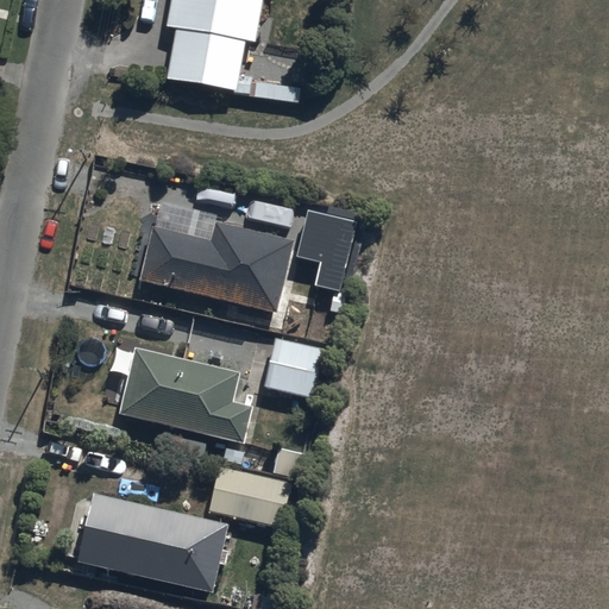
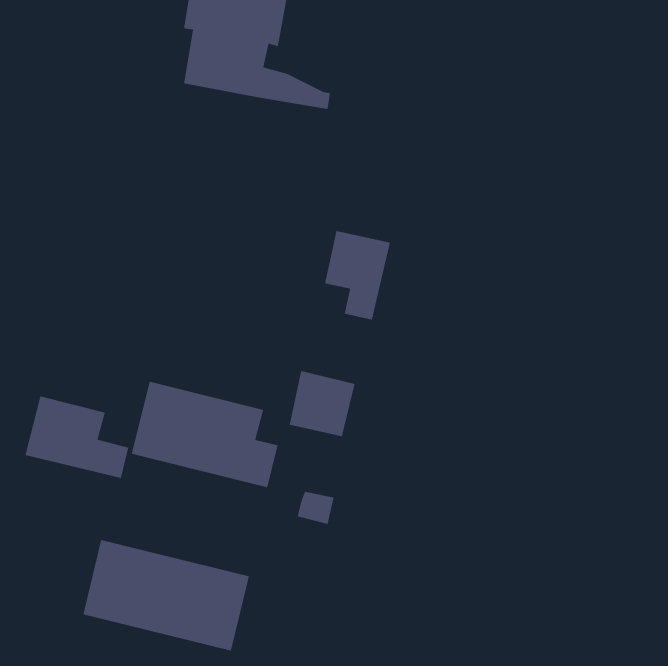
building: [139,220,294,313] -> none
building: none -> [24,396,129,479]
building: [206,464,293,528] -> none

